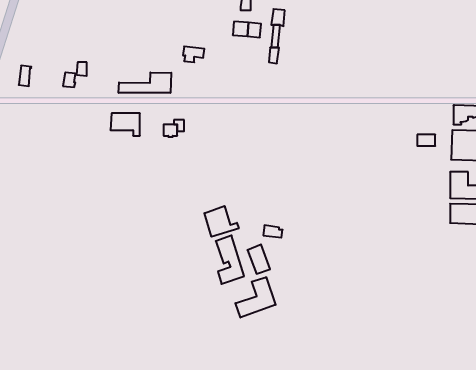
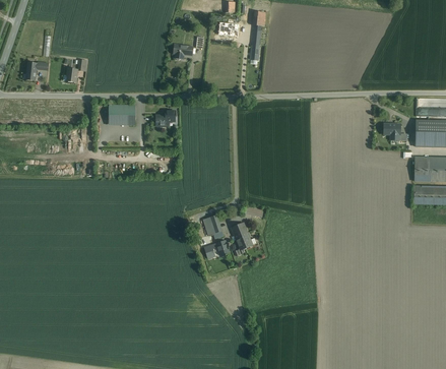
building: [119,72,171,93] -> none
building: [204,206,239,237] -> none
building: [235,277,276,318] -> none

